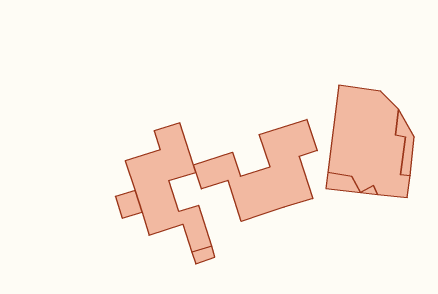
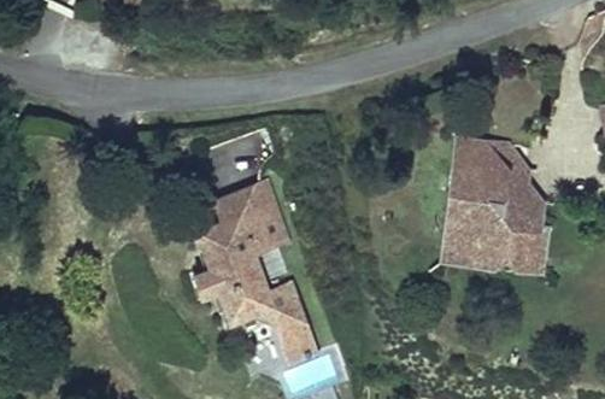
building: [193,119,317,221] -> none

